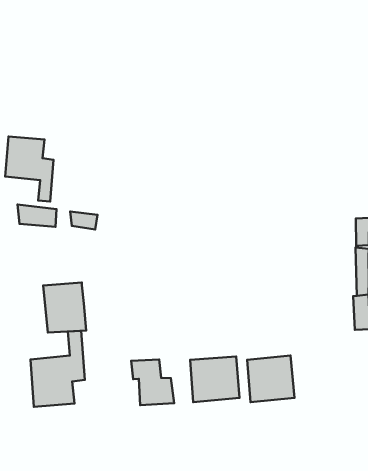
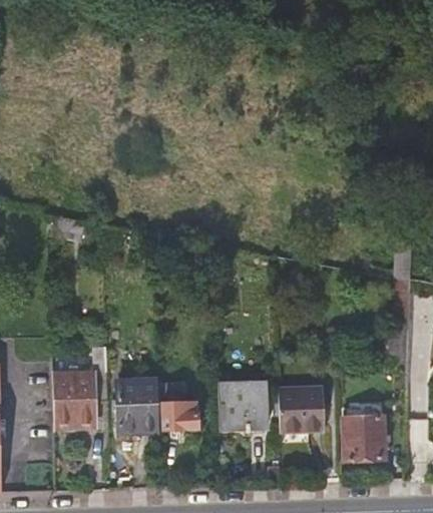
building: [5,136,54,201] -> none
building: [43,282,86,333] -> [115,380,157,430]
building: none -> [341,415,384,461]

